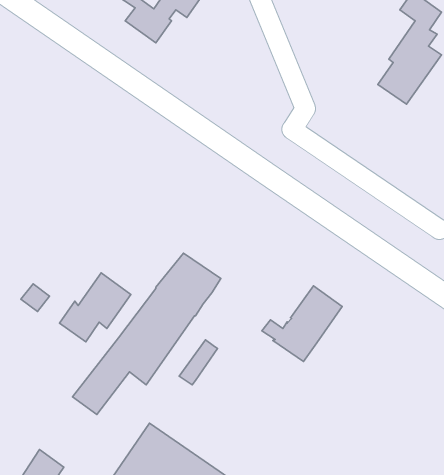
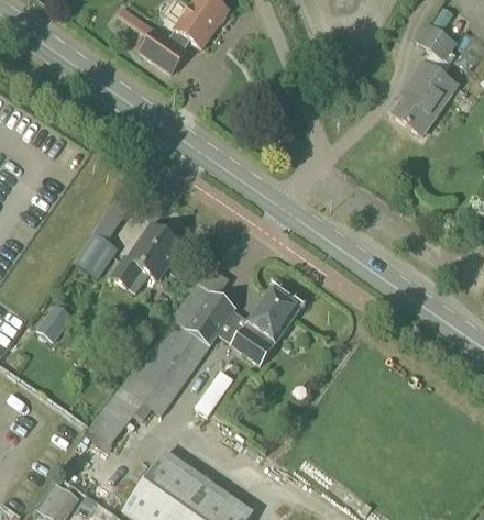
building: none -> [74,230,119,277]
building: [60,273,131,342] -> [110,223,182,292]
building: [262,286,342,361] -> [219,288,299,364]

